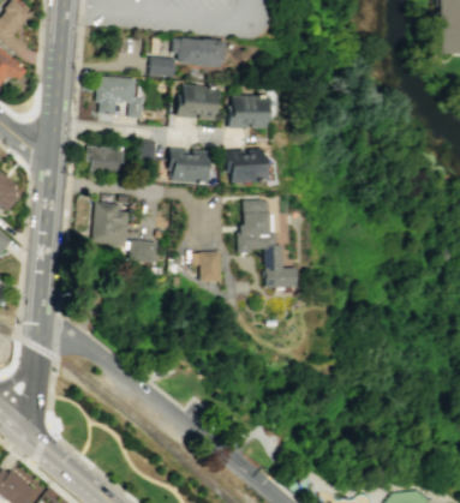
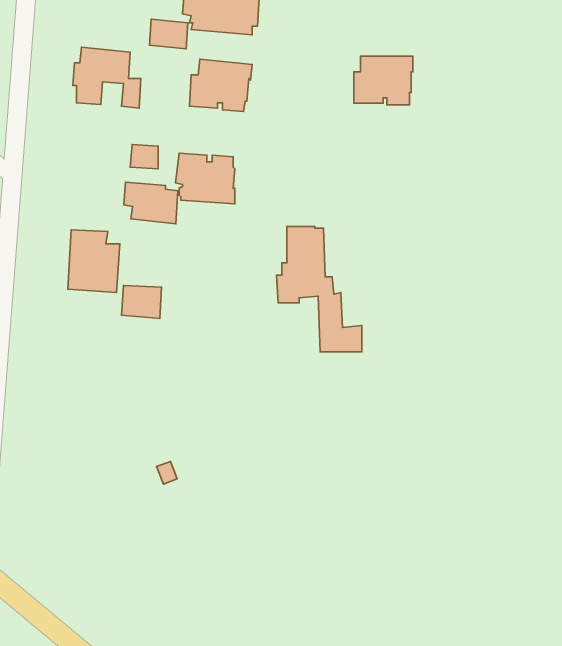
building: [228,95,269,128] -> [354,56,413,105]
building: [85,145,123,174] -> [124,182,178,224]
building: [226,148,269,182] -> none
building: [192,251,222,282] -> none

